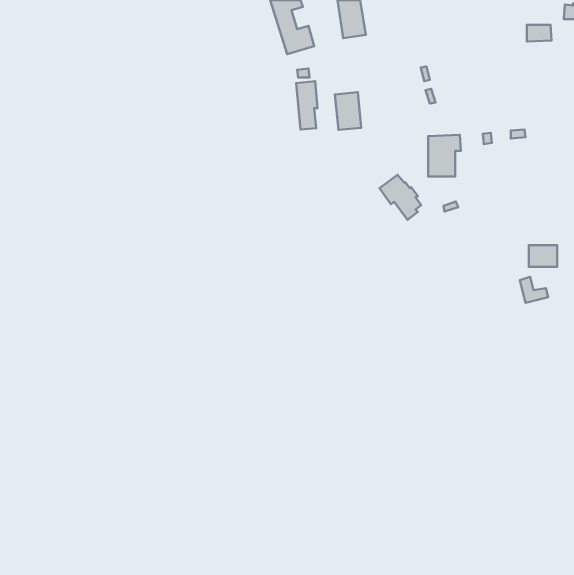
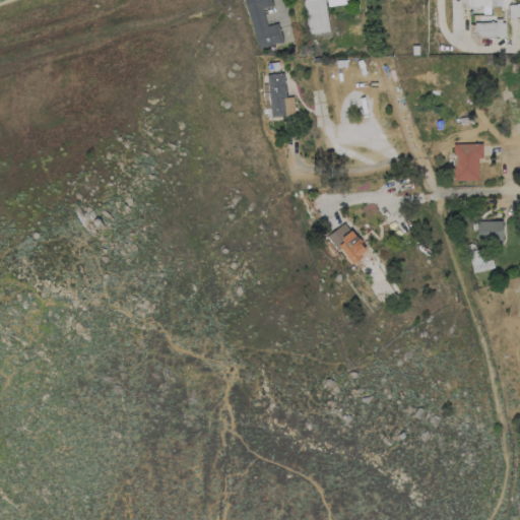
building: [335,92,361,130] -> none
building: [428,135,461,177] -> [455,143,484,181]
building: [379,175,421,220] -> [329,223,367,264]

